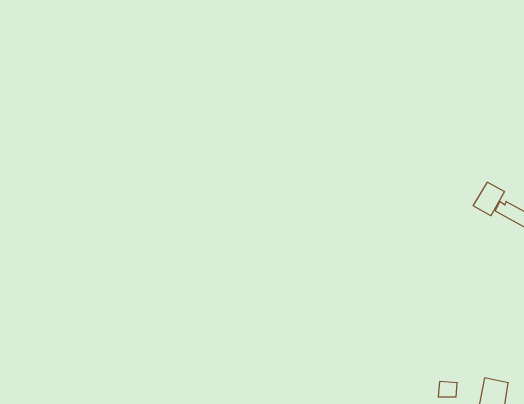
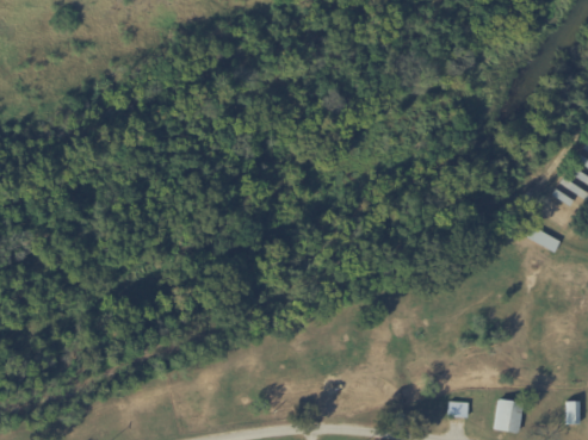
building: [473,182,504,216] -> none

